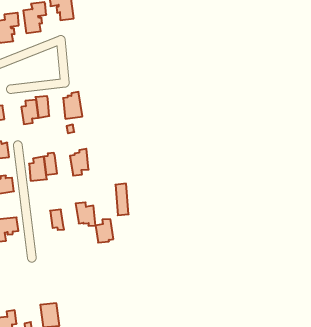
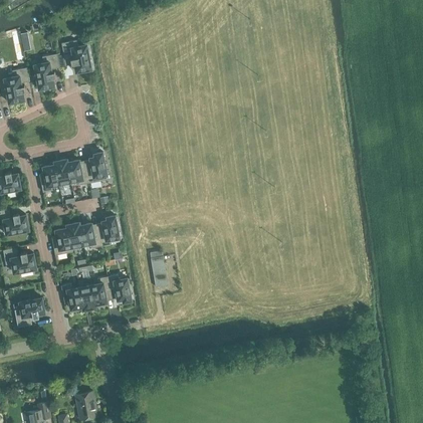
building: none -> [68,159,89,185]
building: none -> [80,223,102,248]
building: none -> [61,283,83,309]
building: [96,219,113,243] -> [91,277,113,304]

